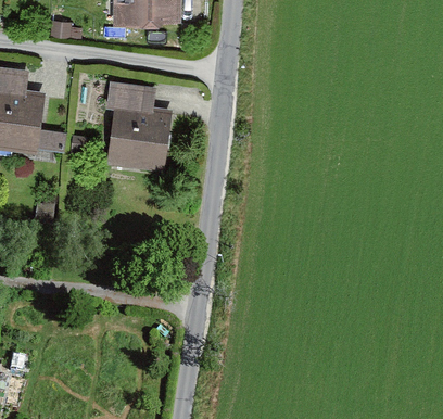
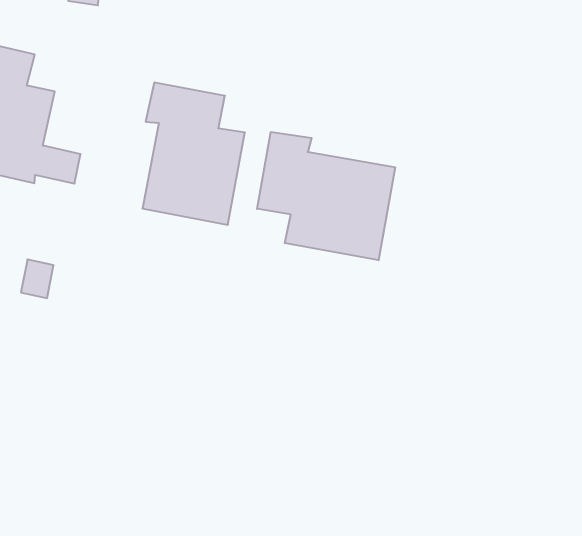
building: none -> [257,132,395,260]

